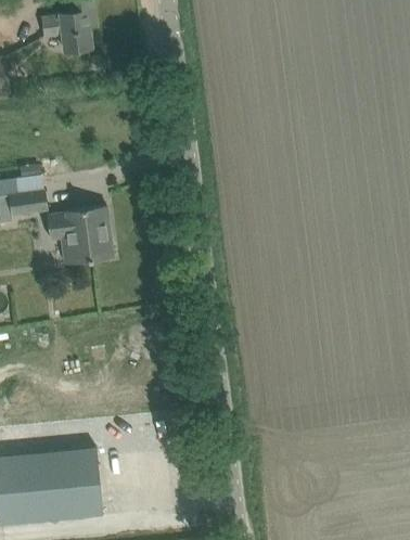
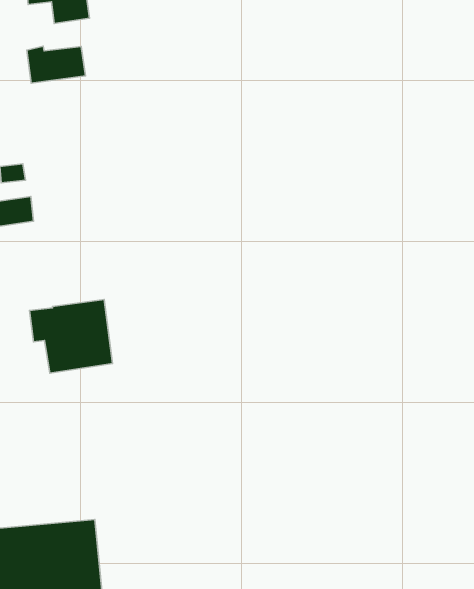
building: none -> [27,46,86,83]
building: [46,207,112,266] -> [29,300,112,373]

